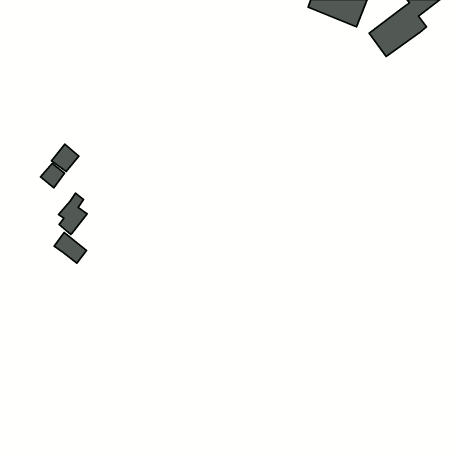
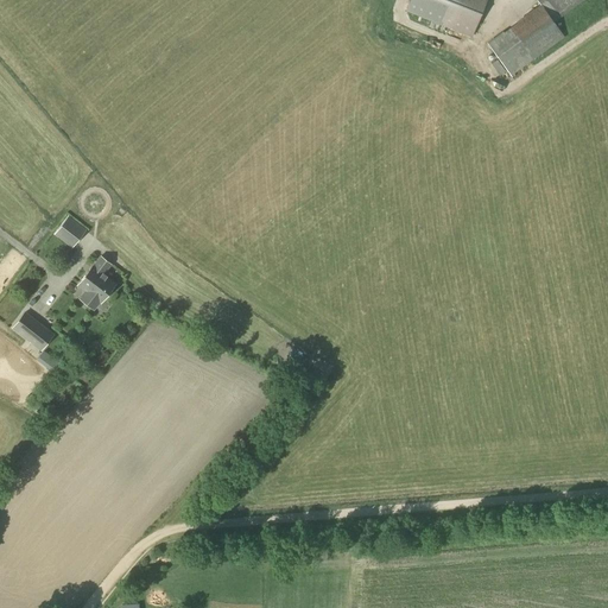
building: [51,144,79,172] -> none
building: [54,233,87,263] -> [12,310,55,350]

